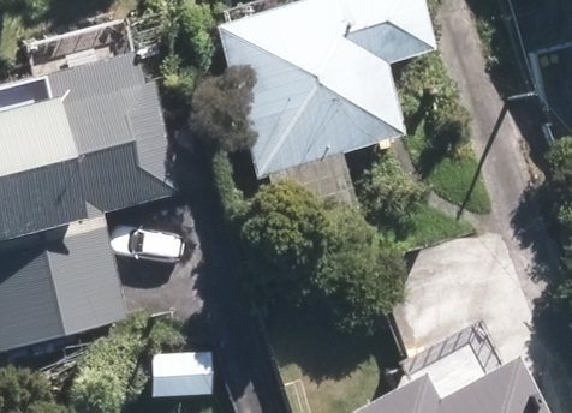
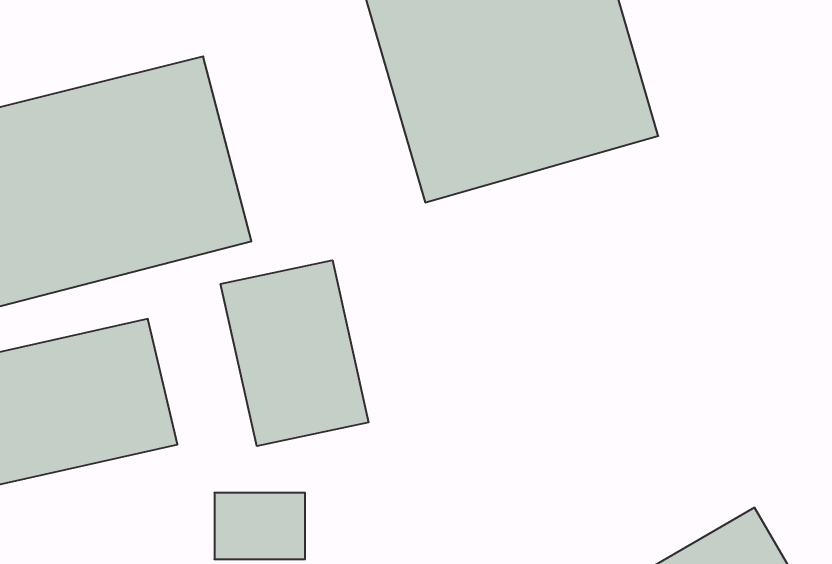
building: none -> [221,260,369,446]

